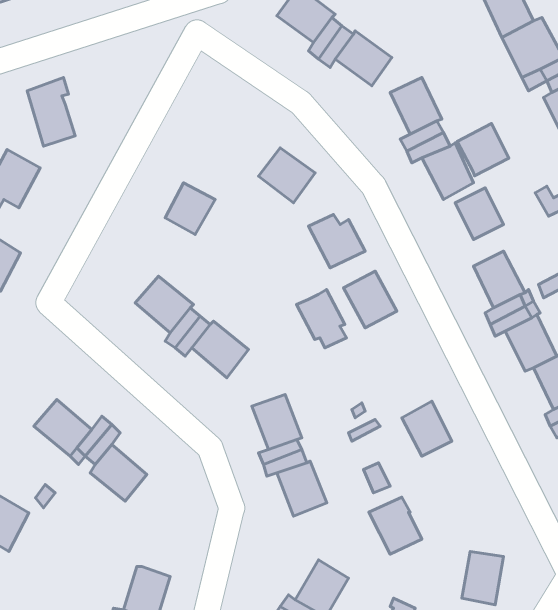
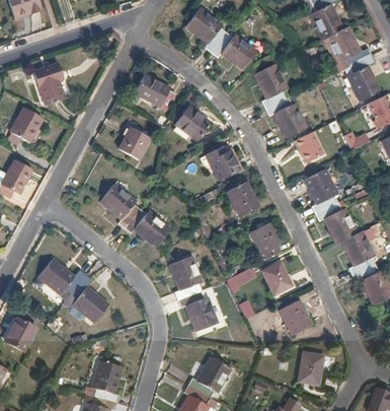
building: none -> [135,73,176,111]
building: [457,124,509,176] -> none
building: [297,290,347,348] -> [251,222,282,258]
building: [369,497,422,554] -> [280,299,312,334]

